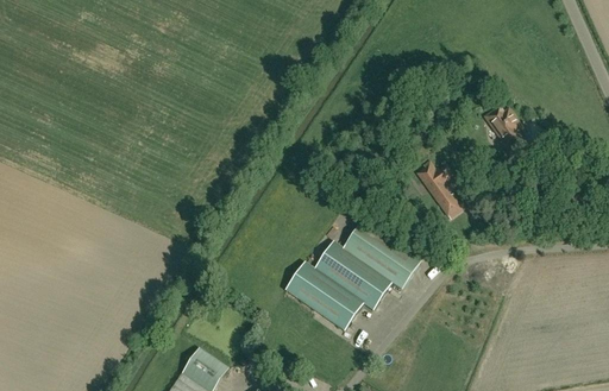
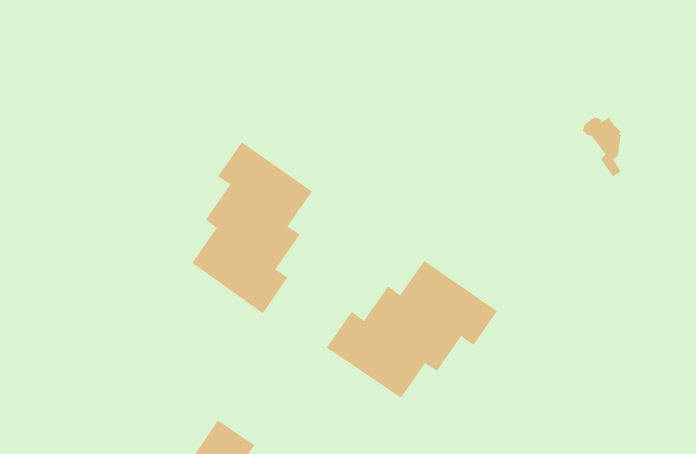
building: none -> [191,142,313,314]
building: [417,160,463,217] -> none

